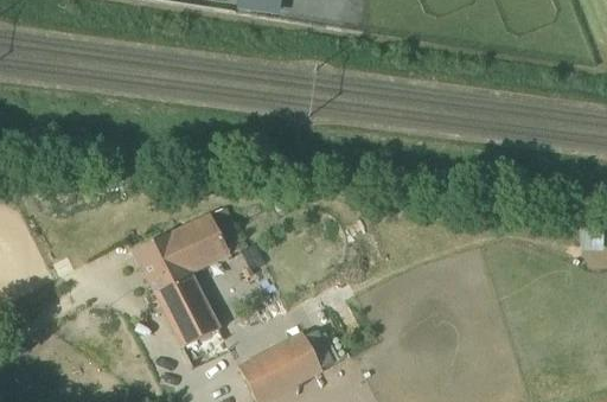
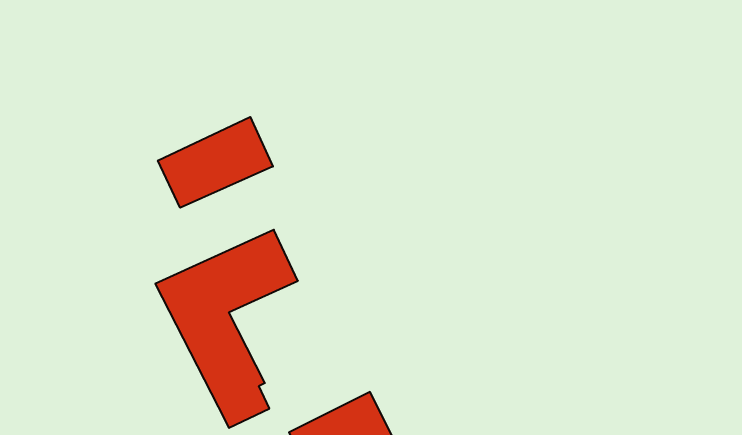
building: none -> [158,117,273,208]

